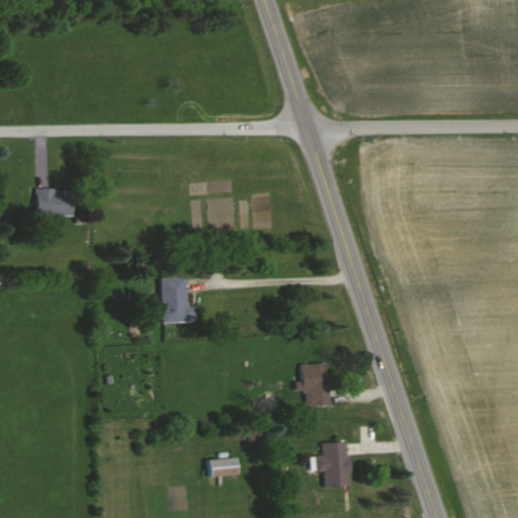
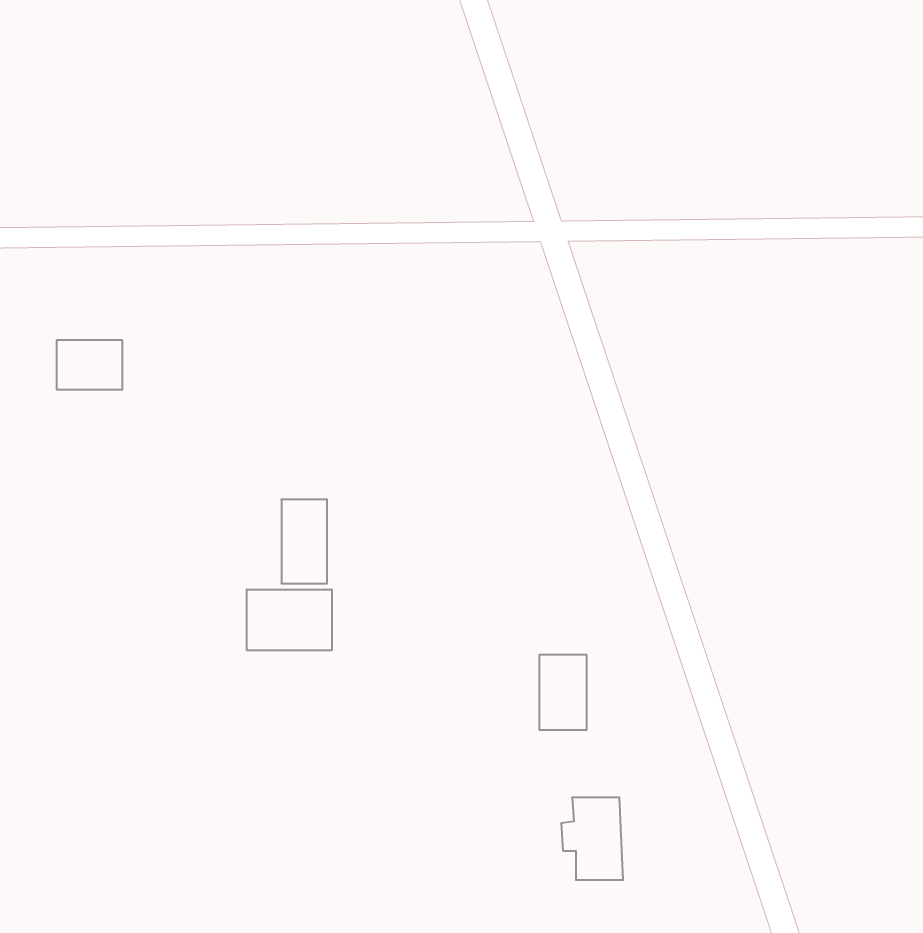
building: none -> [247,589,332,650]
building: [209,459,238,477] -> none

